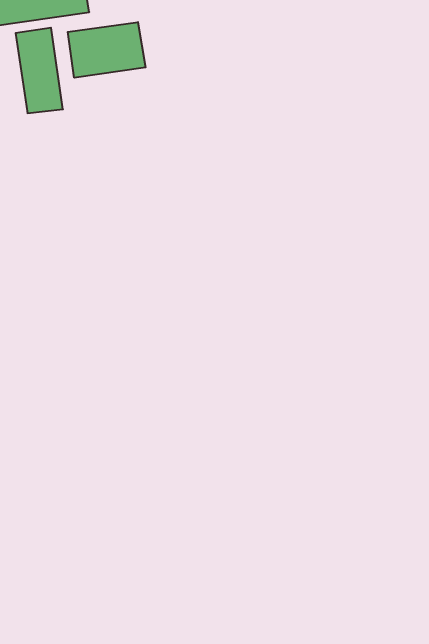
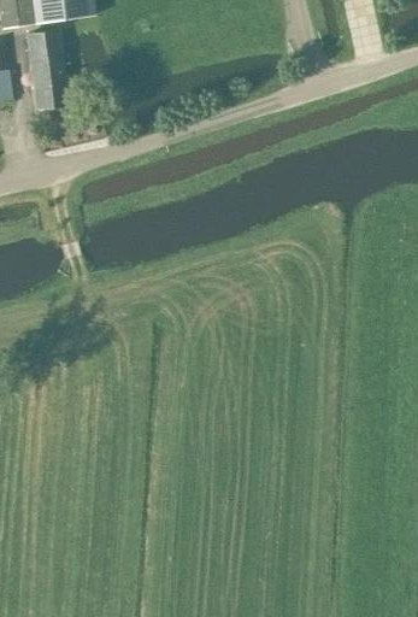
building: [68,22,146,78] -> none

